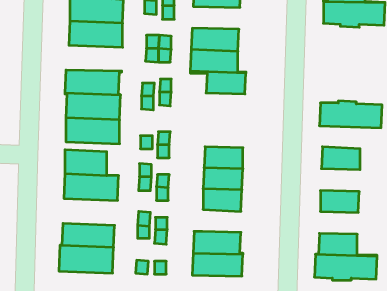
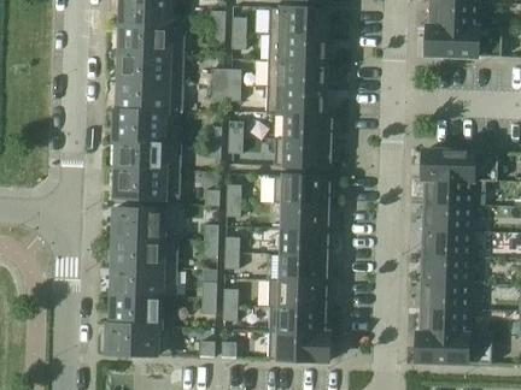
building: none -> [267,32,324,60]
building: none -> [113,79,182,111]
building: none -> [274,137,330,166]
building: none -> [271,173,329,203]
building: none -> [421,177,496,205]
building: none -> [422,229,470,256]
building: none -> [110,265,176,297]
building: none -> [268,278,326,306]
building: none -> [421,280,468,308]

